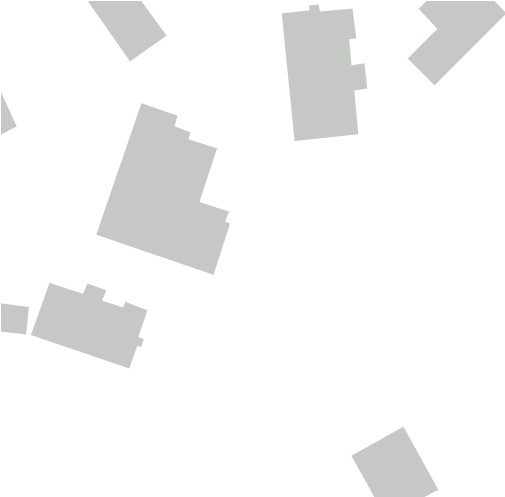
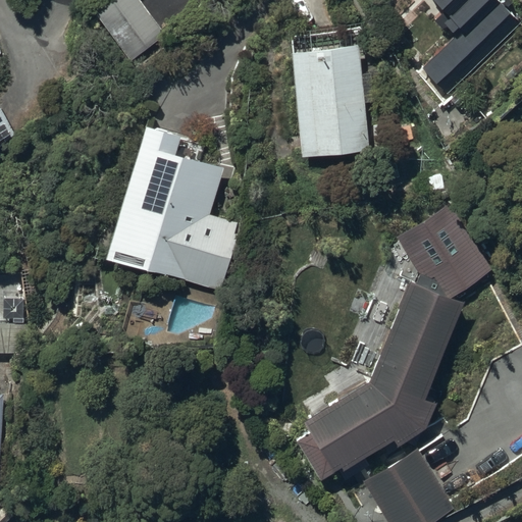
building: none -> [300,210,491,485]
building: [30,282,148,370] -> none

